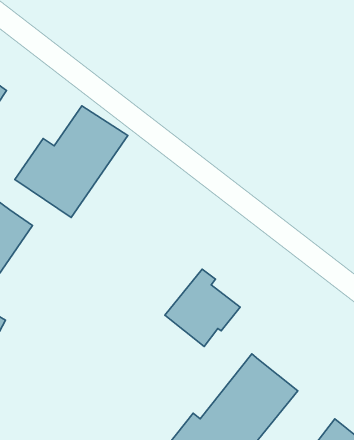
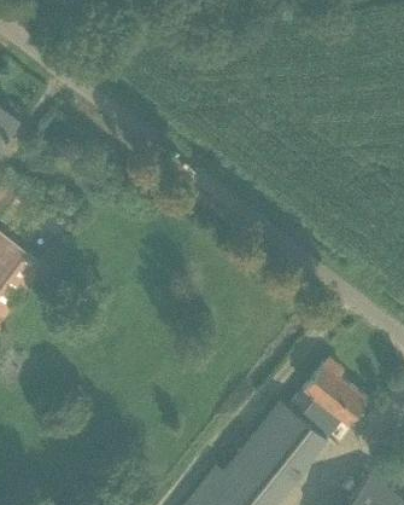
building: [15,106,128,218] -> none
building: [165,269,240,347] -> [287,359,368,442]

